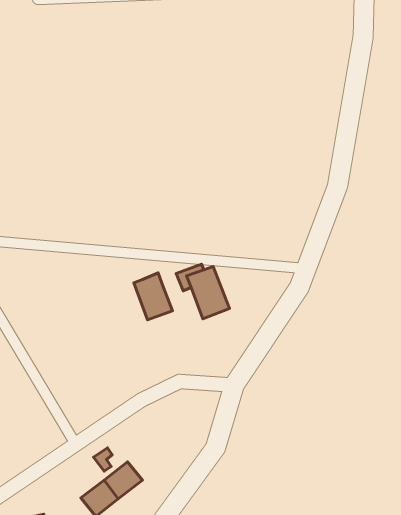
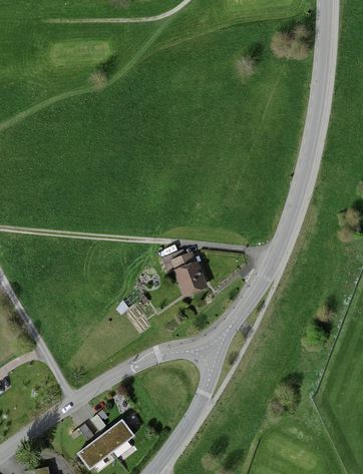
building: [134,273,172,320] -> none

